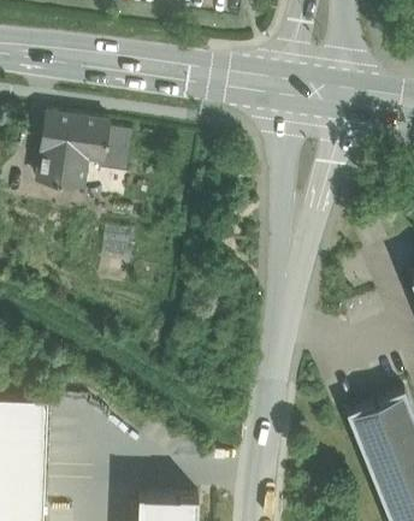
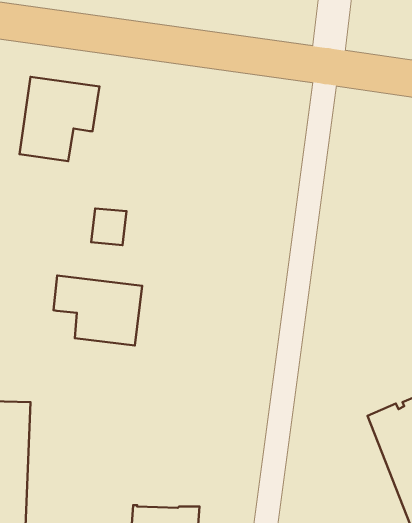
building: [99,129,132,174] -> none
building: none -> [54,275,142,345]

